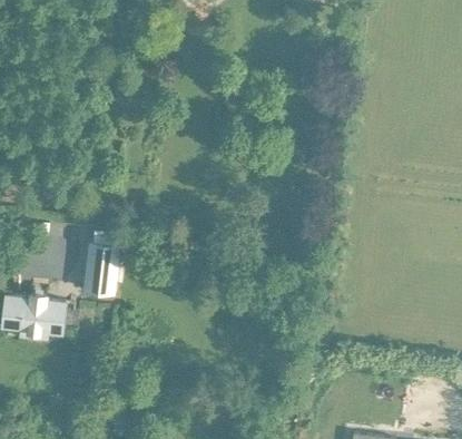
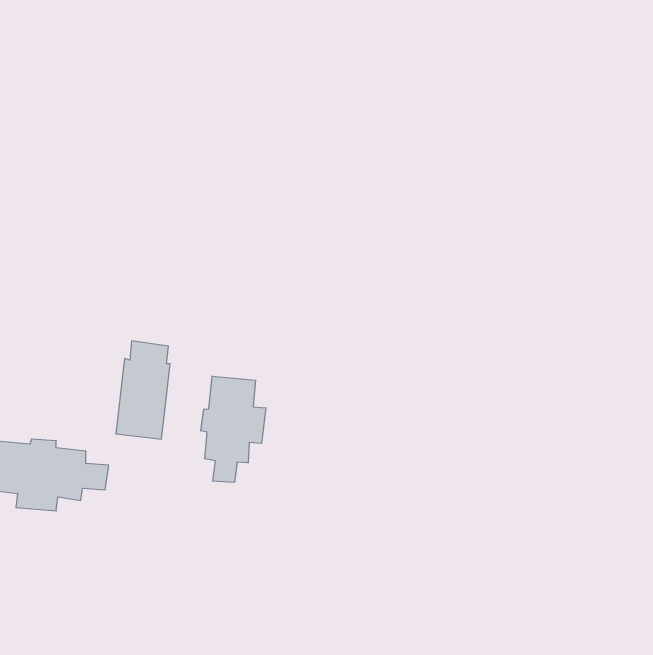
building: none -> [201,376,266,482]

